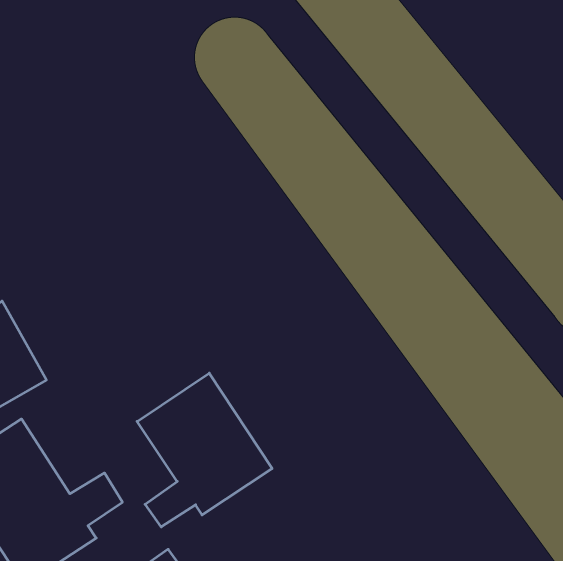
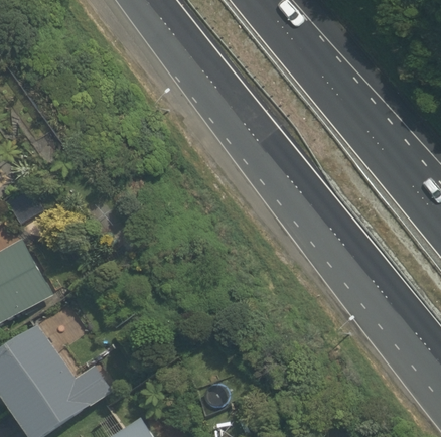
building: [137,373,272,527] -> none

